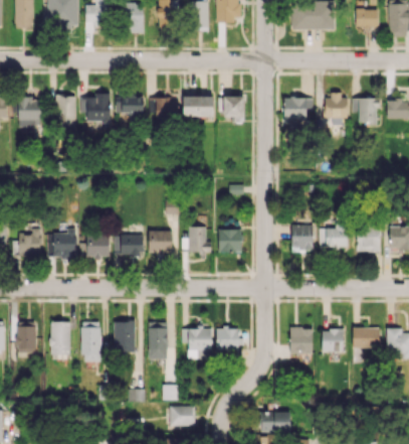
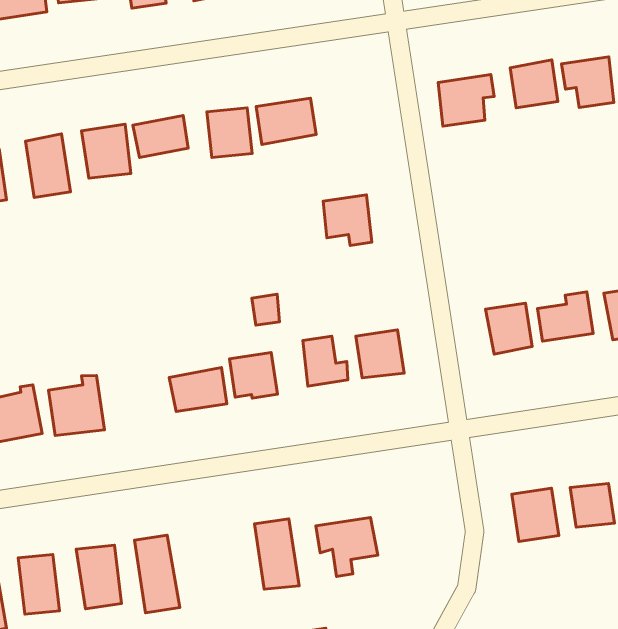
building: [220,97,245,123] -> [323,195,372,245]
building: [86,235,110,257] -> none
building: [115,320,136,352] -> none
building: [216,327,241,350] -> none

